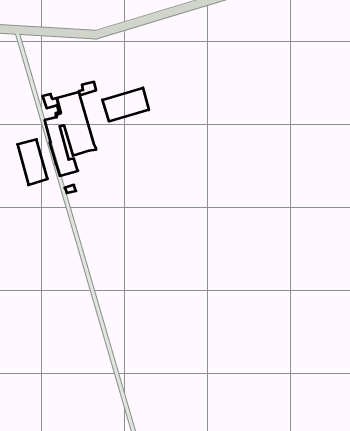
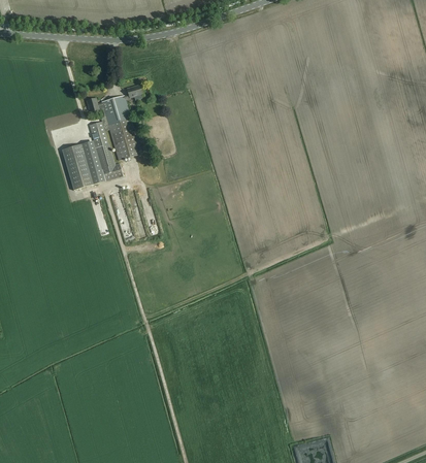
building: [102,88,149,121] -> none

